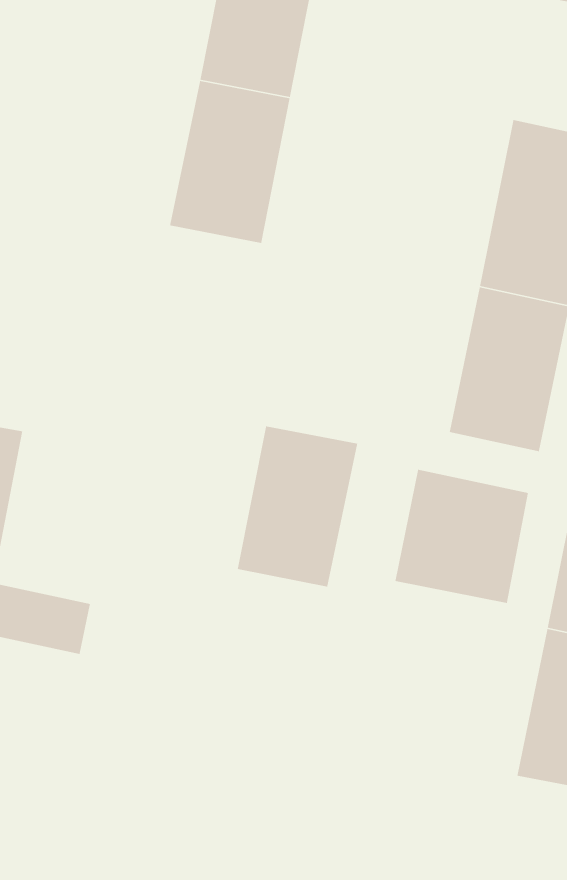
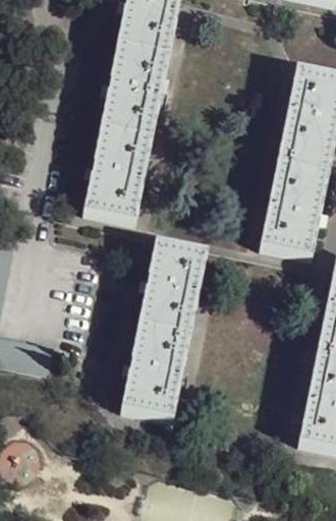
building: none -> [82,131,152,225]
building: [394,469,529,604] -> none
building: none -> [120,328,189,422]

